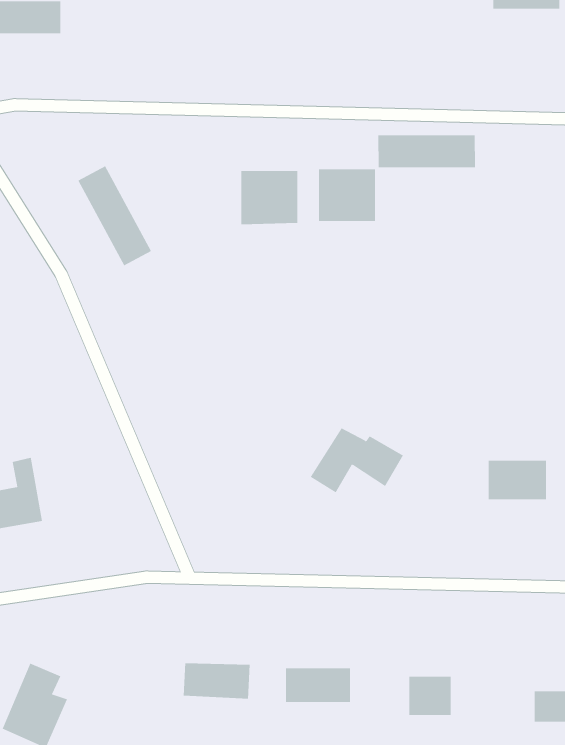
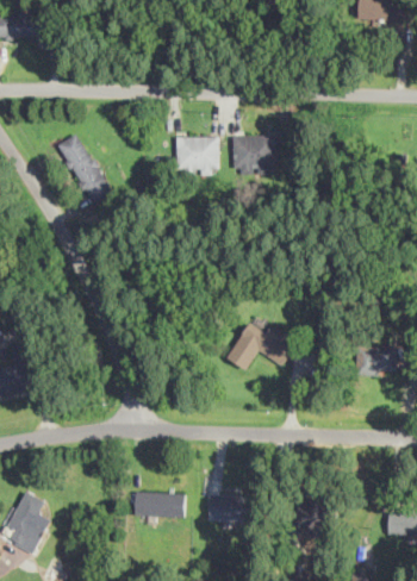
building: [378,135,475,168] -> none

